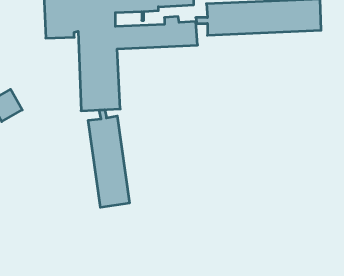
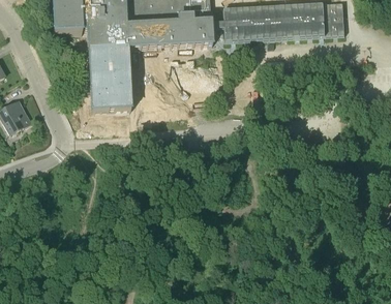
building: [88,110,129,207] -> none

